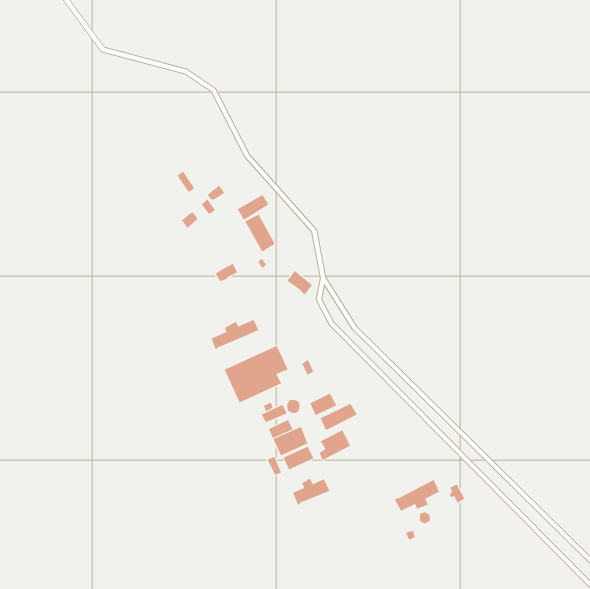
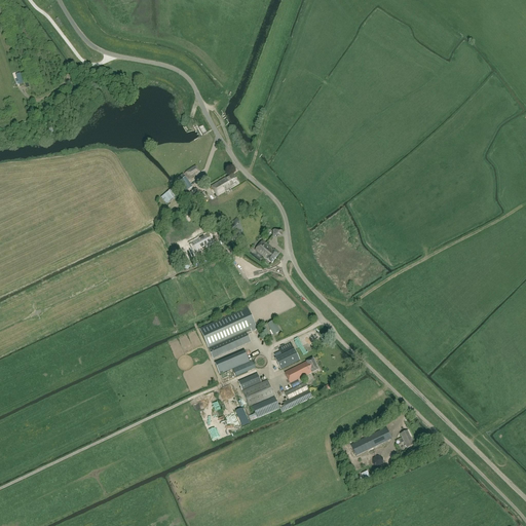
building: [245,214,276,253] -> none
building: [211,319,259,350] -> none
building: [292,478,330,506] -> none

